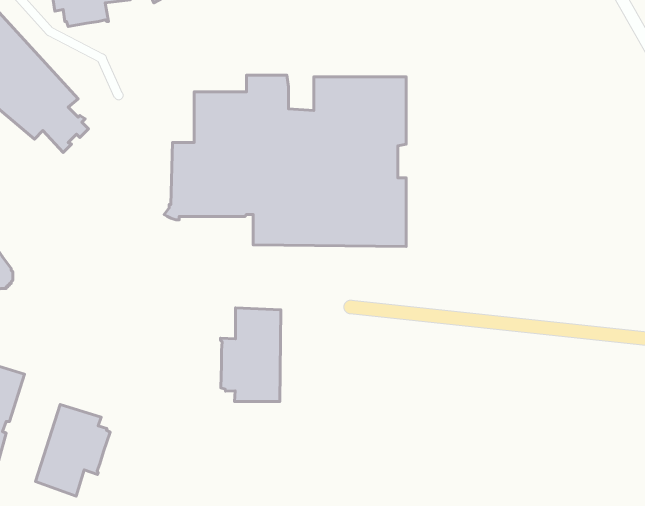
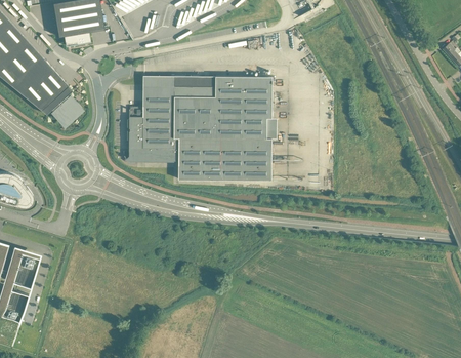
building: [220,308,281,401] -> none
building: [35,404,110,496] -> none

